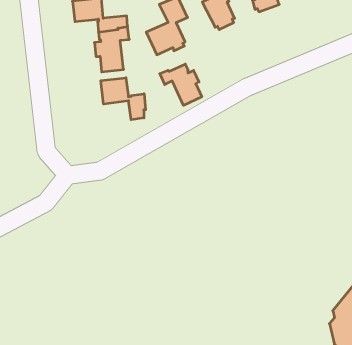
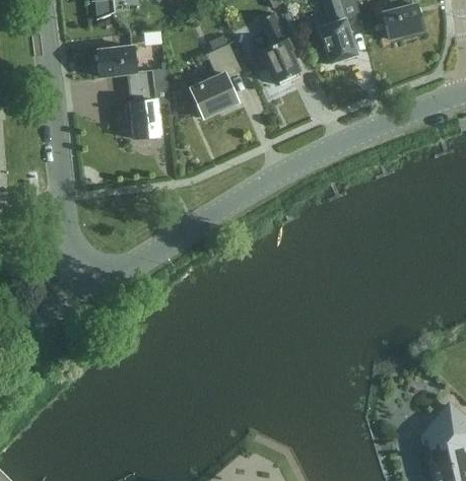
building: [160,64,202,105] -> none
building: [101,78,146,120] -> none

